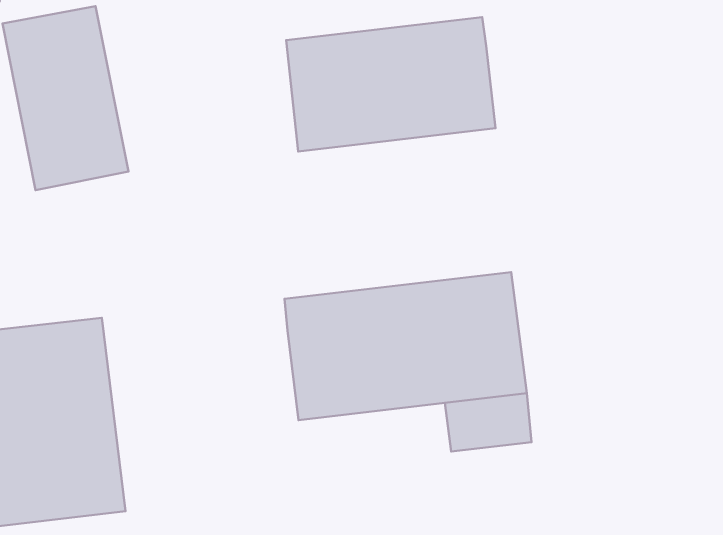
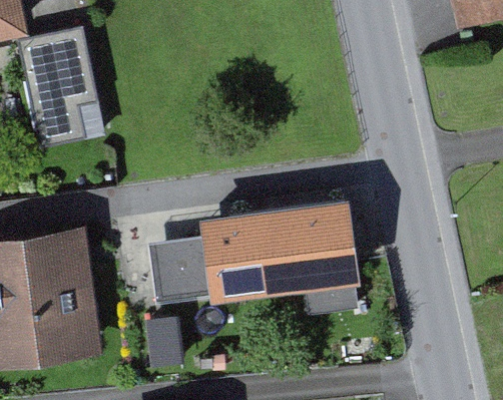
building: [286,17,495,152] -> none
building: none -> [151,239,212,303]

